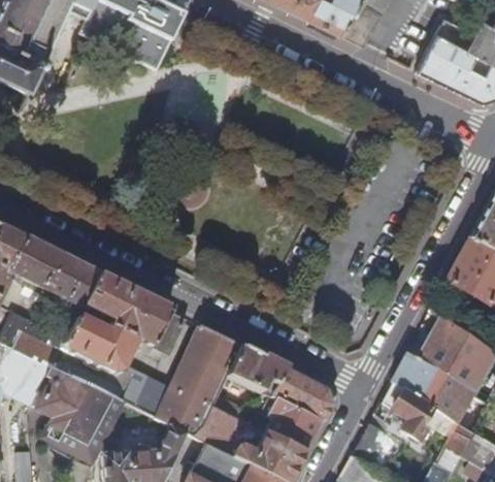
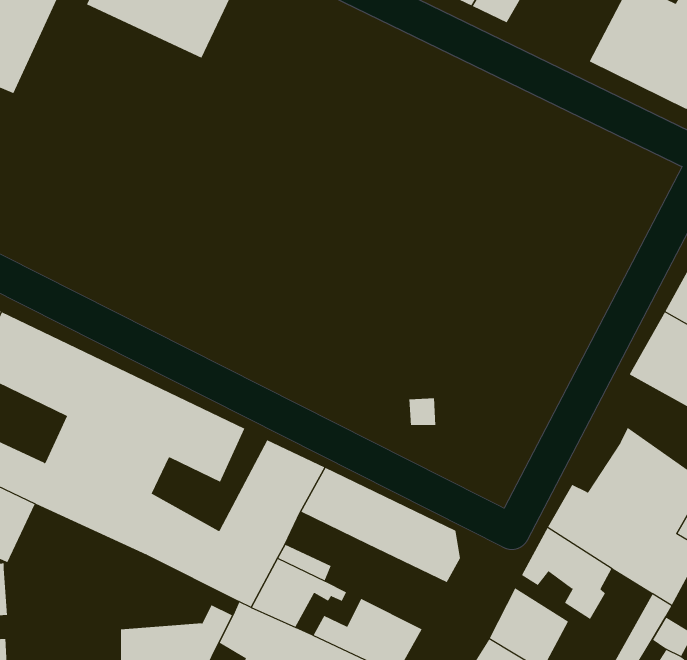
building: [29,365,122,458] -> none
building: [263,392,323,449] -> none

